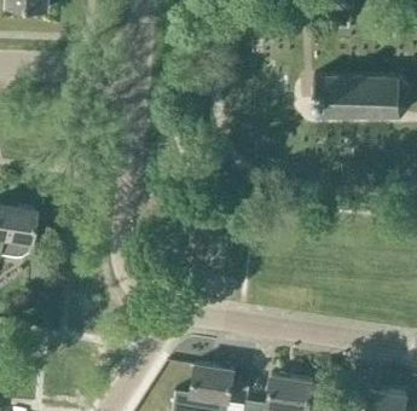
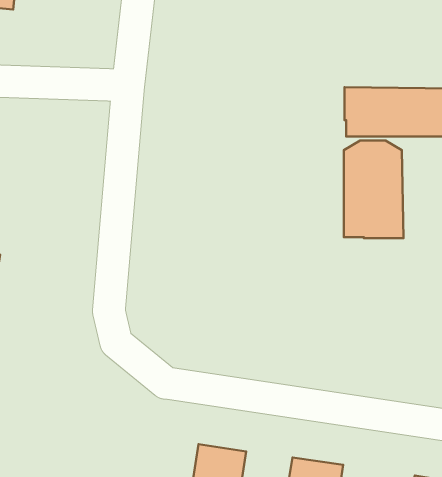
building: none -> [344,140,404,238]

